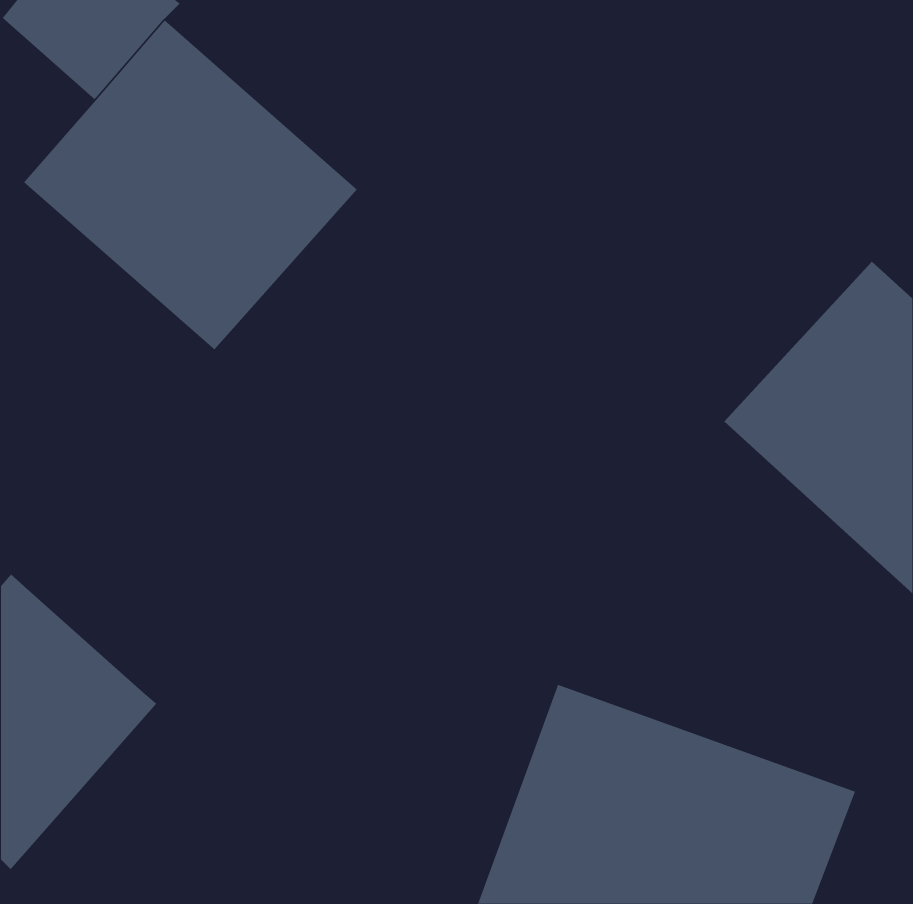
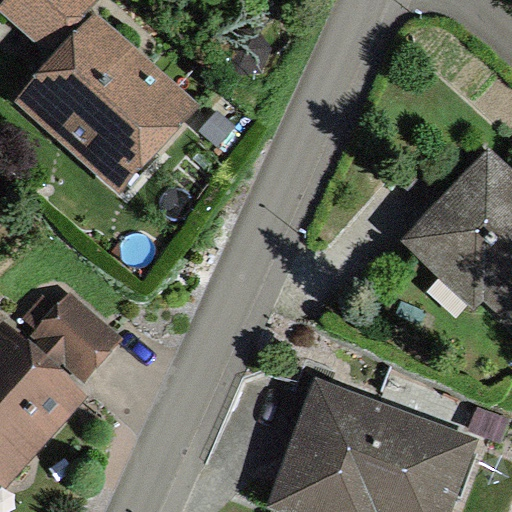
building: none -> [16,288,126,387]

